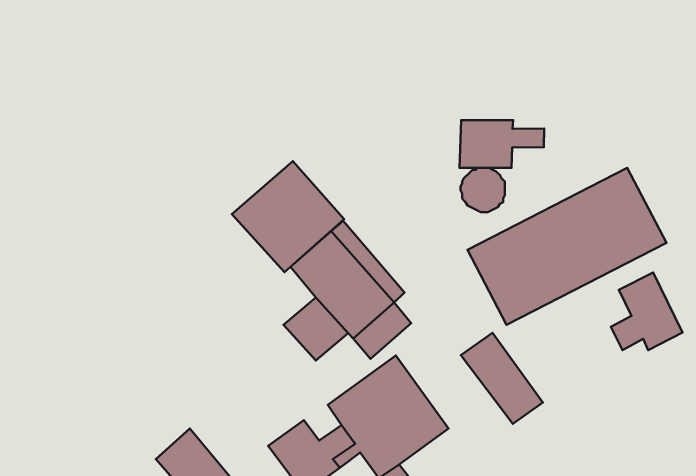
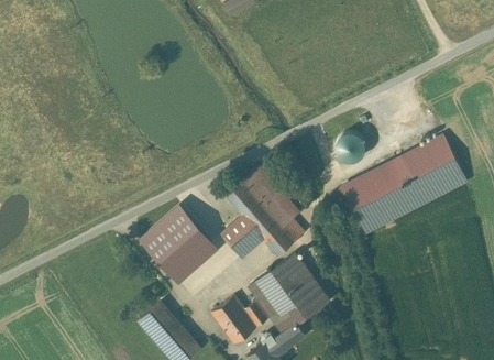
building: [460,120,544,168] -> none
building: [232,161,344,272] -> [141,206,213,277]
building: [611,272,683,350] -> none
building: [461,333,543,424] -> none

